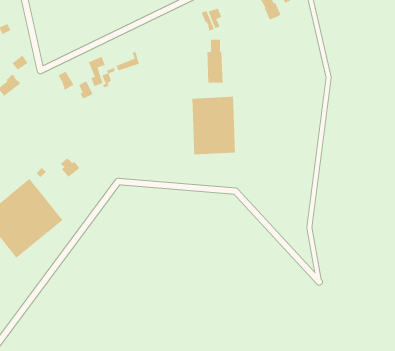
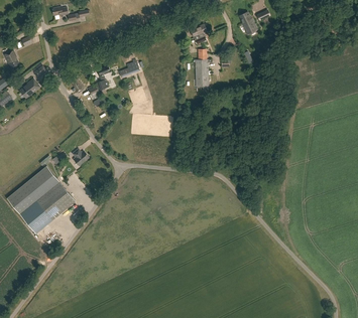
building: [191,96,236,155] -> none

